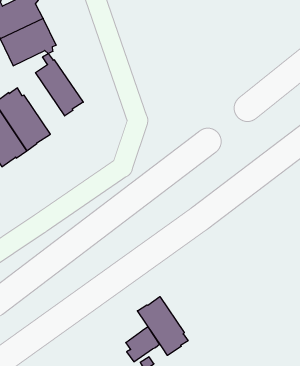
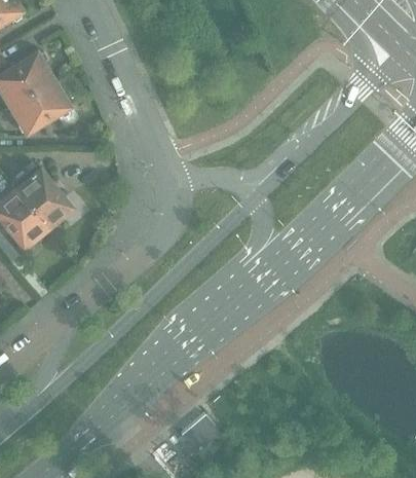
building: [36,54,83,116] -> none
building: [137,297,188,355] -> none

